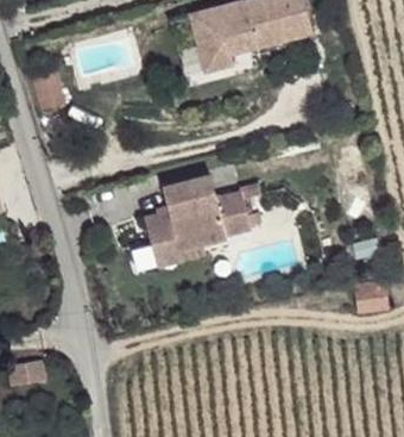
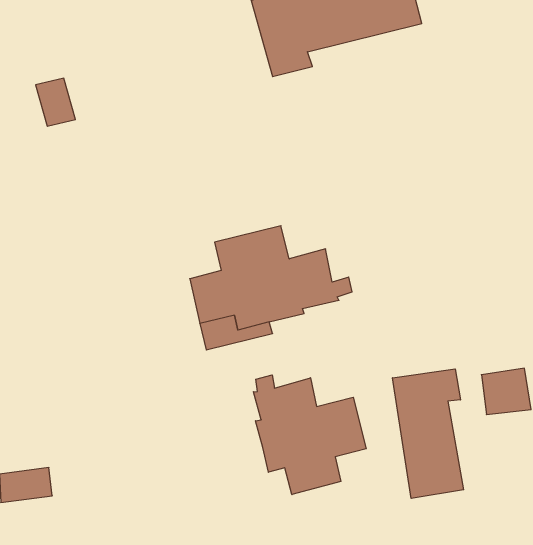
building: none -> [393,369,464,498]
building: none -> [253,375,366,495]

